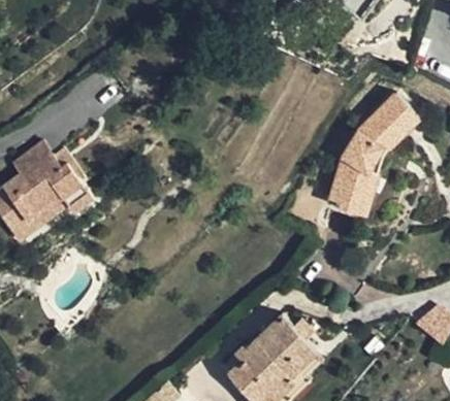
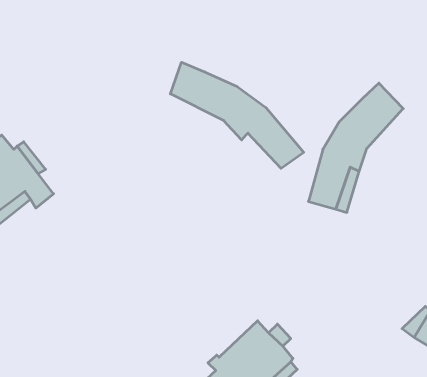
building: none -> [170,62,304,168]

